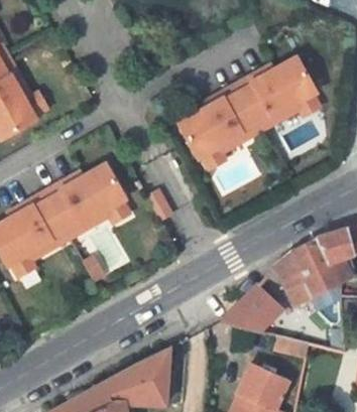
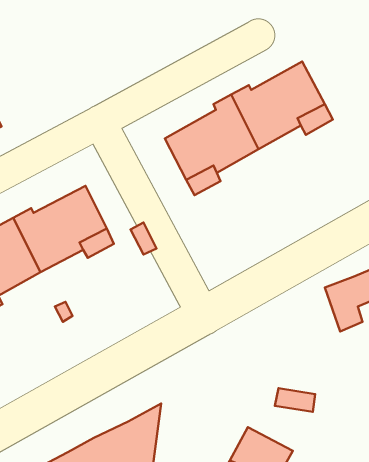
building: [289,249,328,297] -> none
building: [231,285,284,324] -> none

